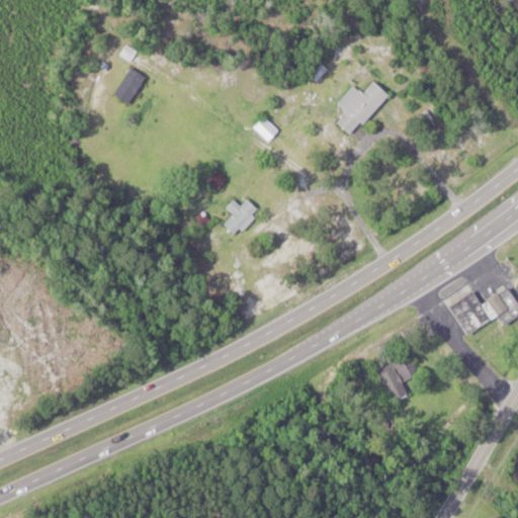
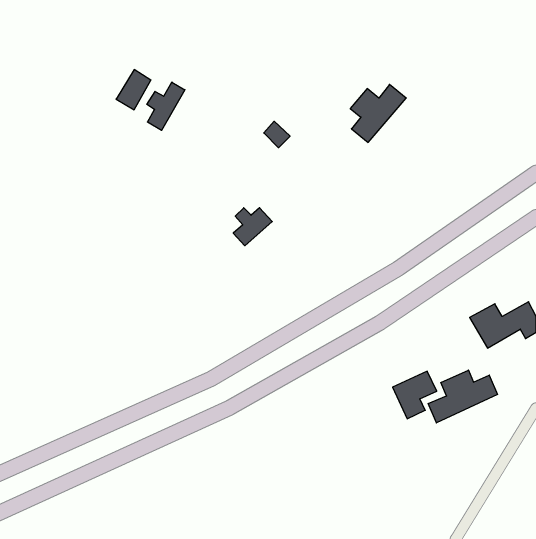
building: none -> [147,82,185,130]
building: none -> [428,370,498,423]

